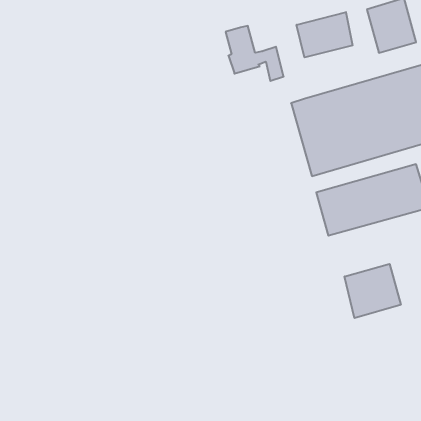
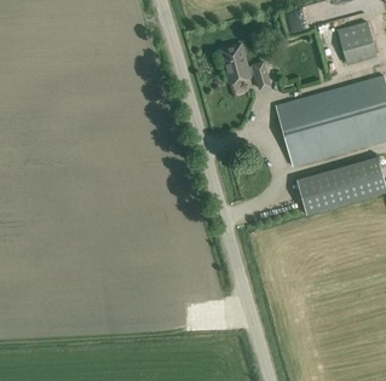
building: [297,12,353,57] -> none
building: [345,264,401,318] -> none

